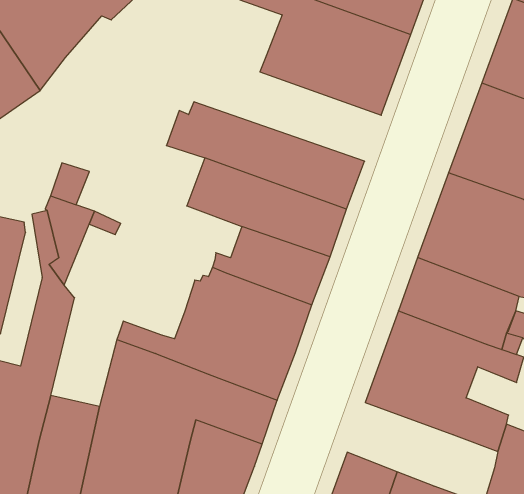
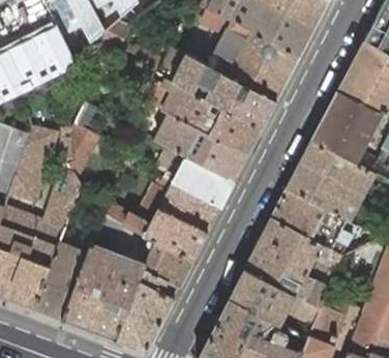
building: none -> [95,21,277,127]
building: none -> [231,270,320,325]

